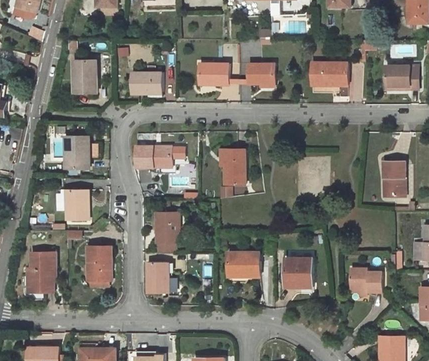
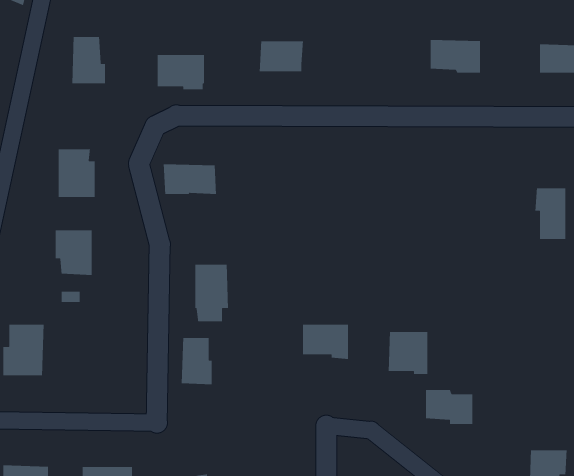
building: [247,63,274,84] -> none
building: [220,148,244,183] -> none
building: [86,246,110,279] -> none
building: [349,268,381,292] -> [425,389,473,425]

